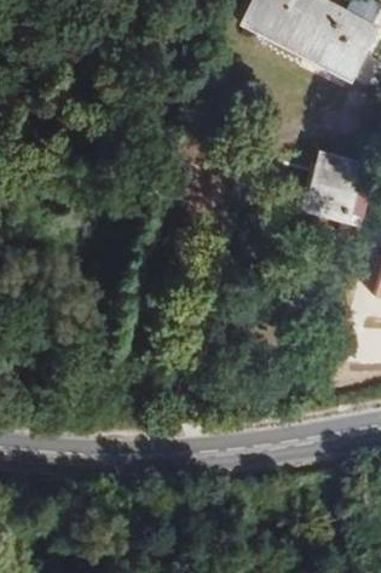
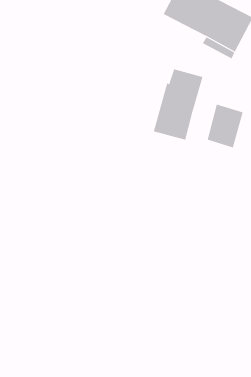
building: none -> [153,68,203,141]

